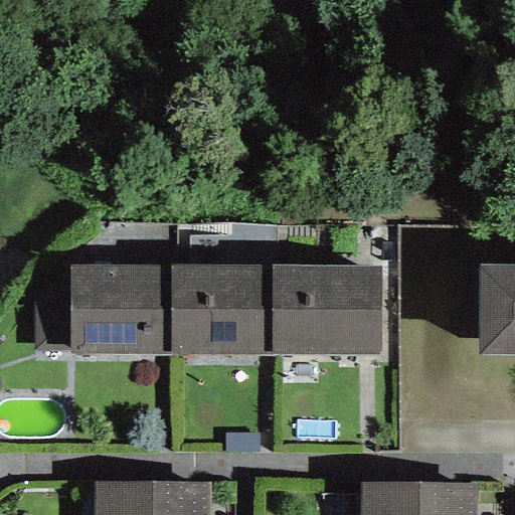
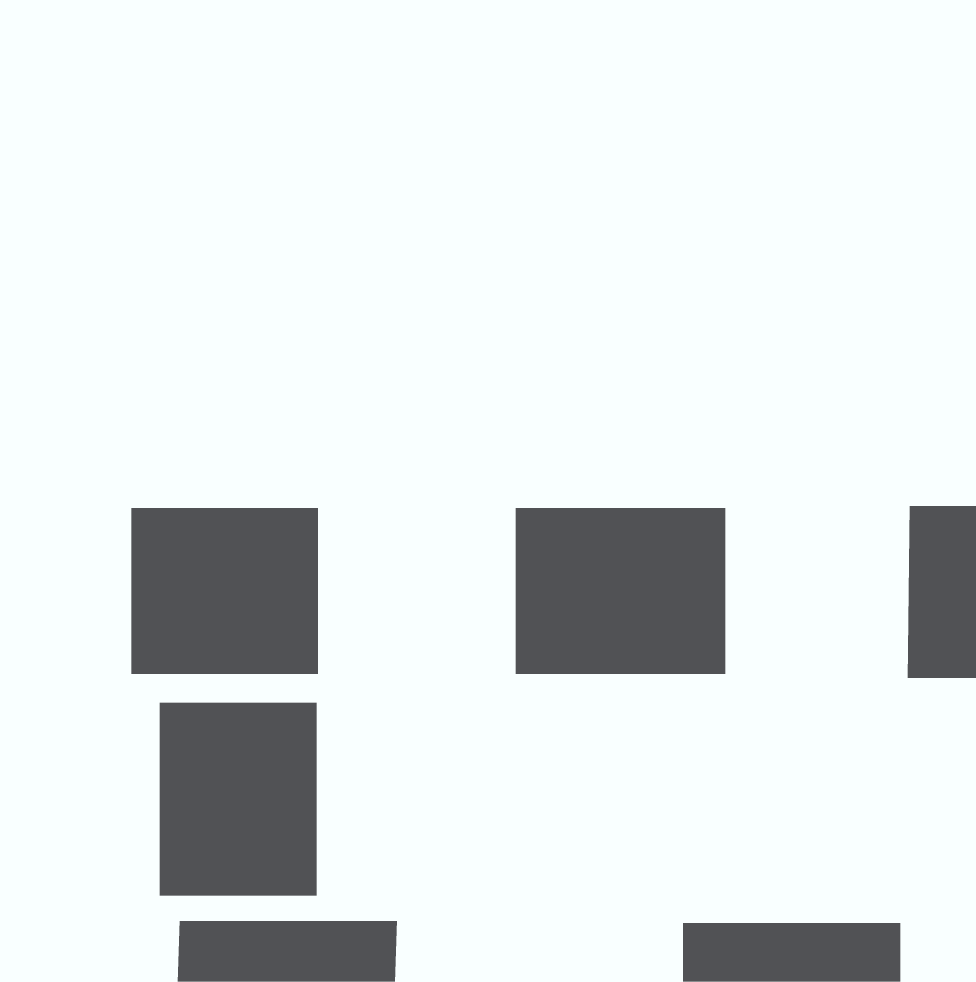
building: [170,266,273,353] -> none
building: none -> [159,702,317,896]

